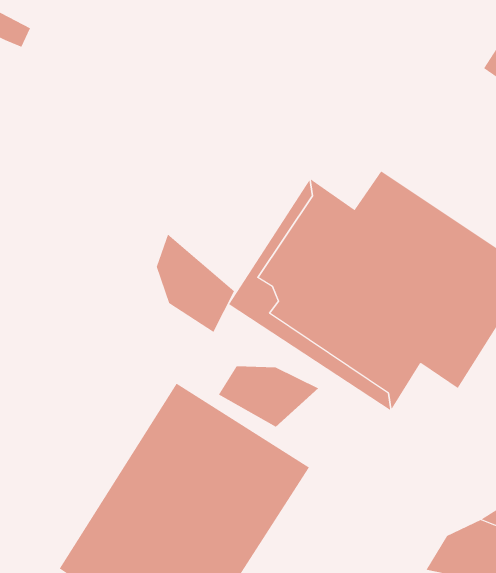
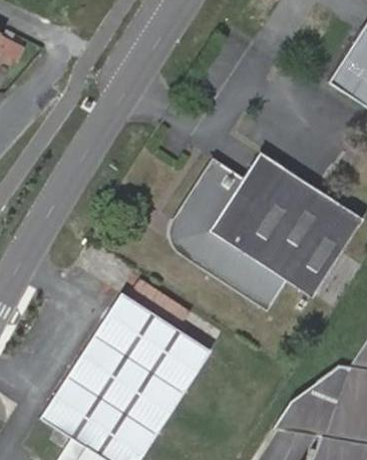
building: [156,234,235,333] -> none
building: [218,366,319,428] -> none

